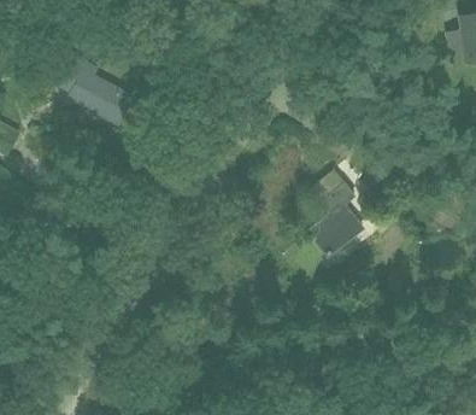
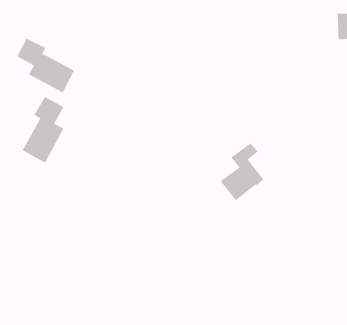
building: none -> [22,96,64,164]

